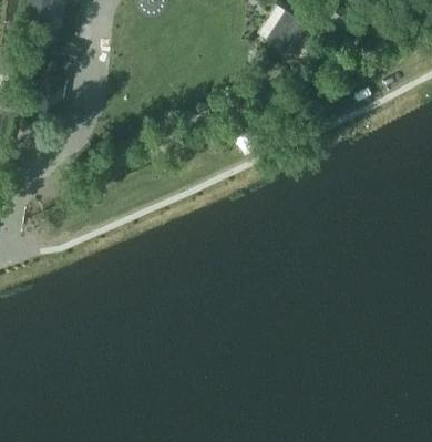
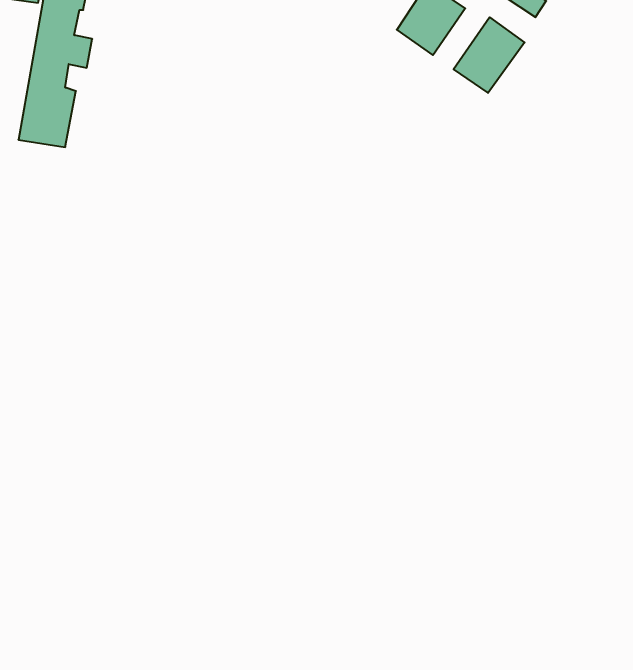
building: none -> [454,17,525,93]

